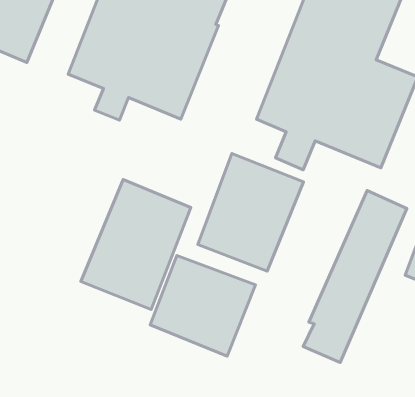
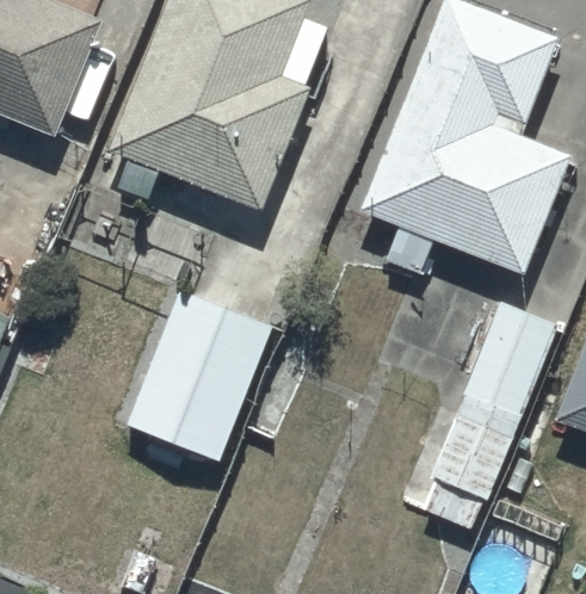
building: [198,153,304,271] -> none
building: [150,256,256,356] -> none

